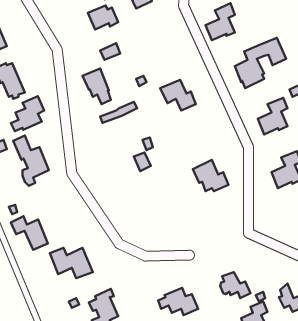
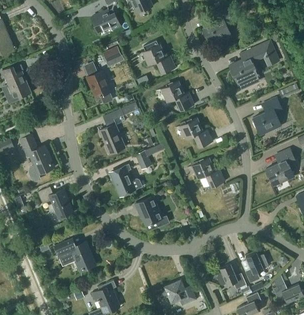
building: none -> [142,40,176,74]
building: [11,96,44,131] -> none
building: none -> [179,117,213,147]
building: none -> [99,123,125,154]
building: none -> [110,164,142,197]
building: none -> [135,196,169,226]
building: [11,216,48,250] -> [38,186,73,218]
building: none -> [245,252,268,283]

